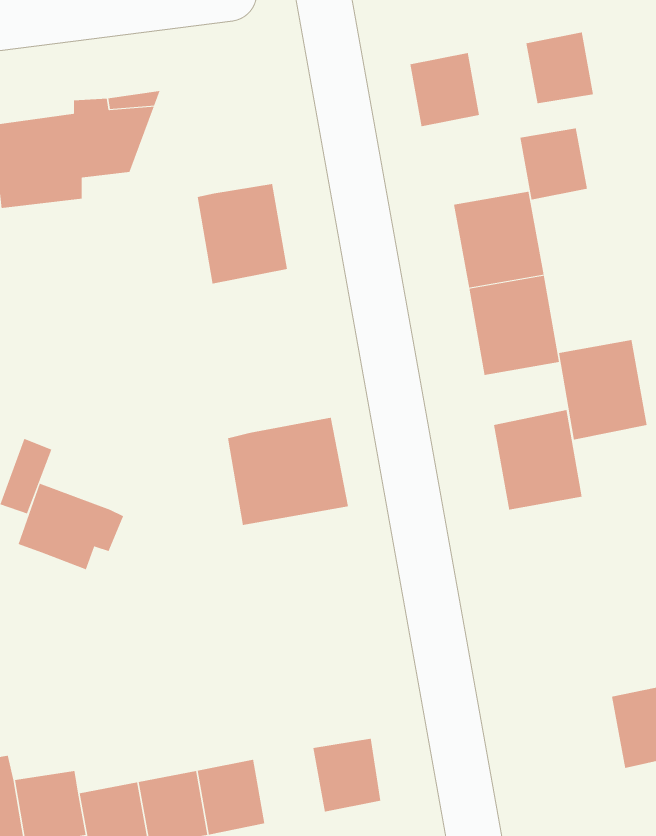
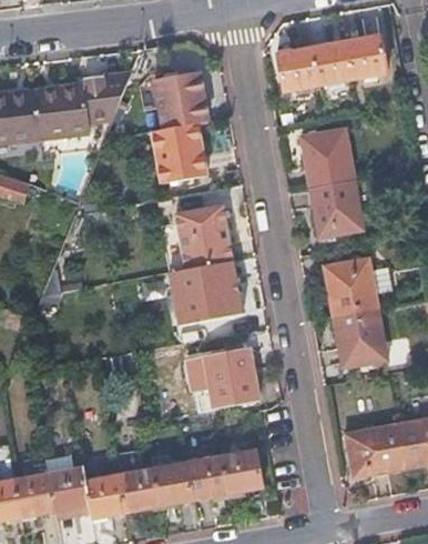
building: none -> [153,71,206,130]
building: [520,128,588,200] -> [310,42,350,84]
building: none -> [173,205,231,270]
building: [558,340,647,440] -> [334,308,386,366]
building: [18,483,124,570] -> none
building: none -> [204,347,257,407]
building: none -> [344,424,401,475]
building: none -> [185,454,226,498]

